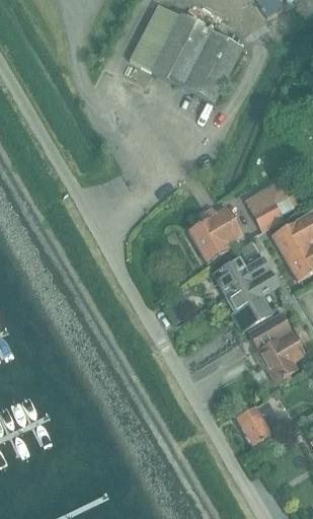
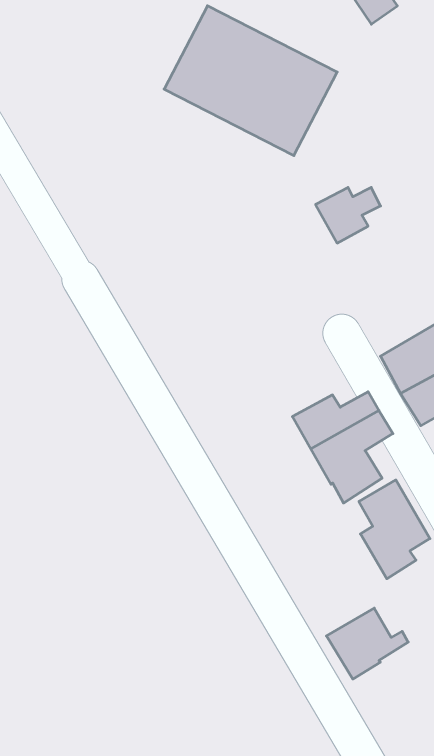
building: [248,193,291,229] -> [316,187,381,243]
building: [186,204,243,262] -> none

